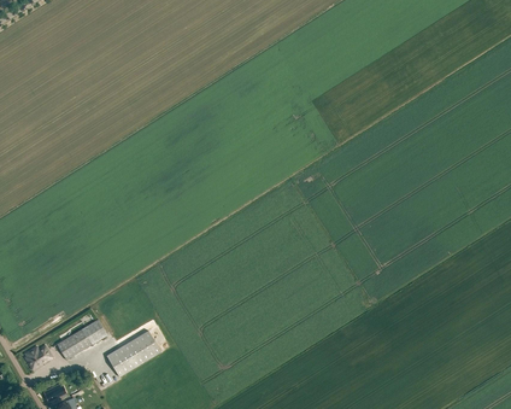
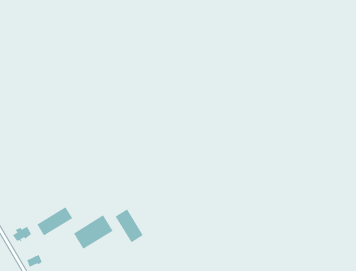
building: none -> [115,209,144,243]

